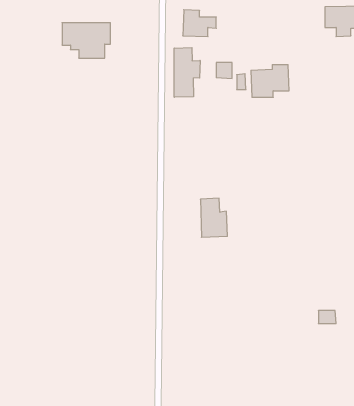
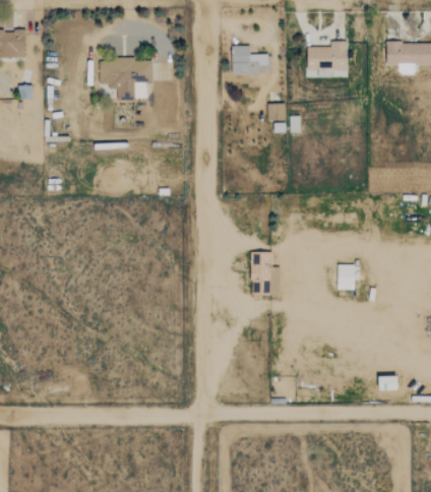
building: [174,48,200,97] -> none
building: [251,65,289,97] -> [306,42,348,77]
building: none -> [336,265,354,290]

